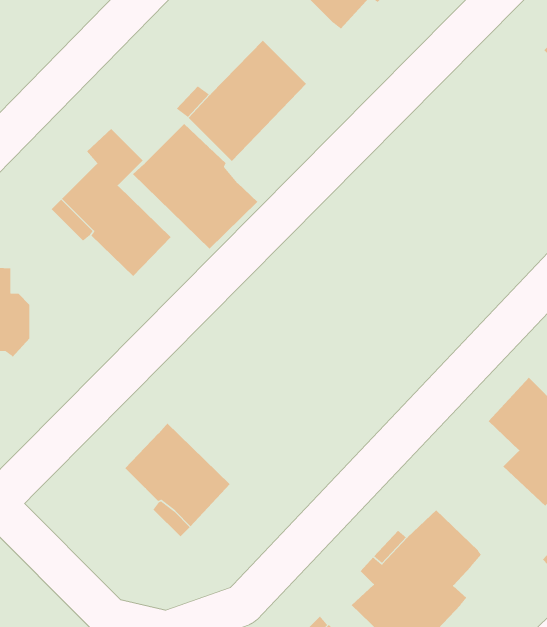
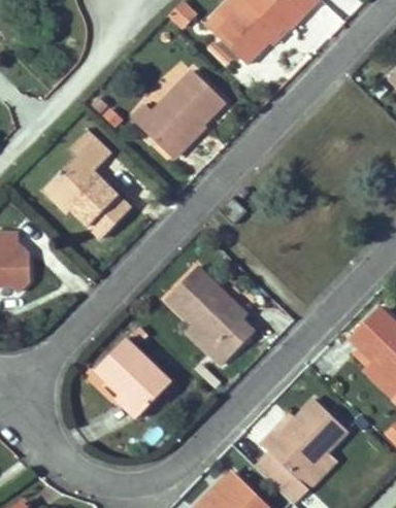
building: [132,123,258,249] -> none
building: none -> [167,267,254,363]

